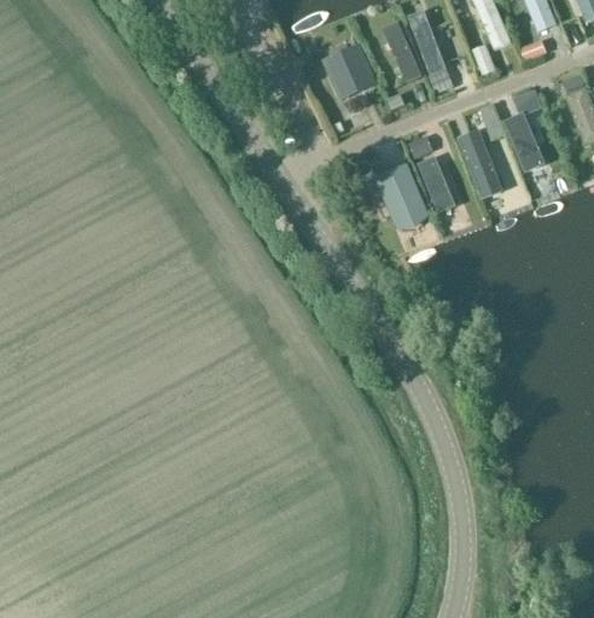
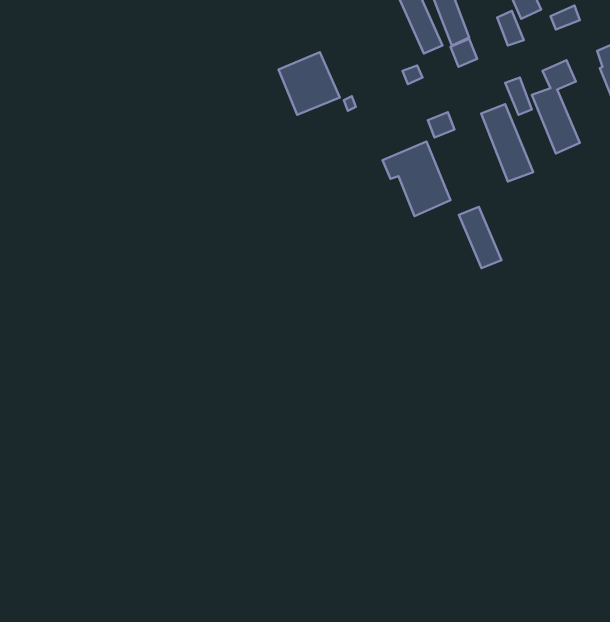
building: [321,42,377,99] -> [278,52,340,115]
building: [417,156,455,211] -> [459,207,501,268]

